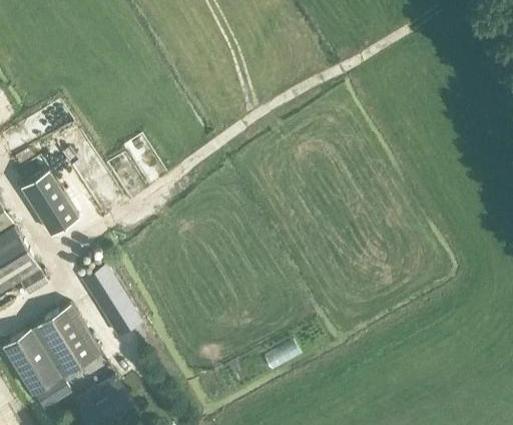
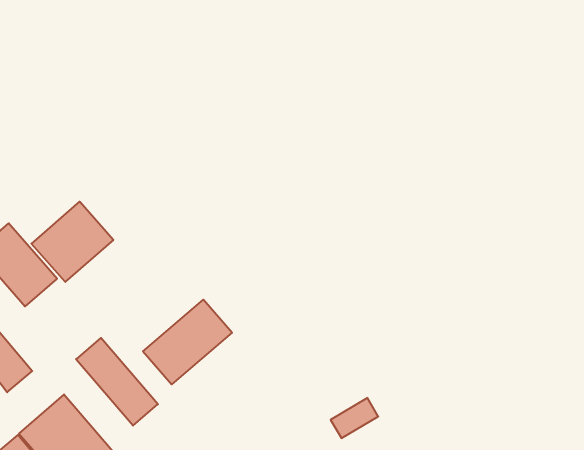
building: none -> [31,202,113,282]
building: none -> [143,300,232,384]

